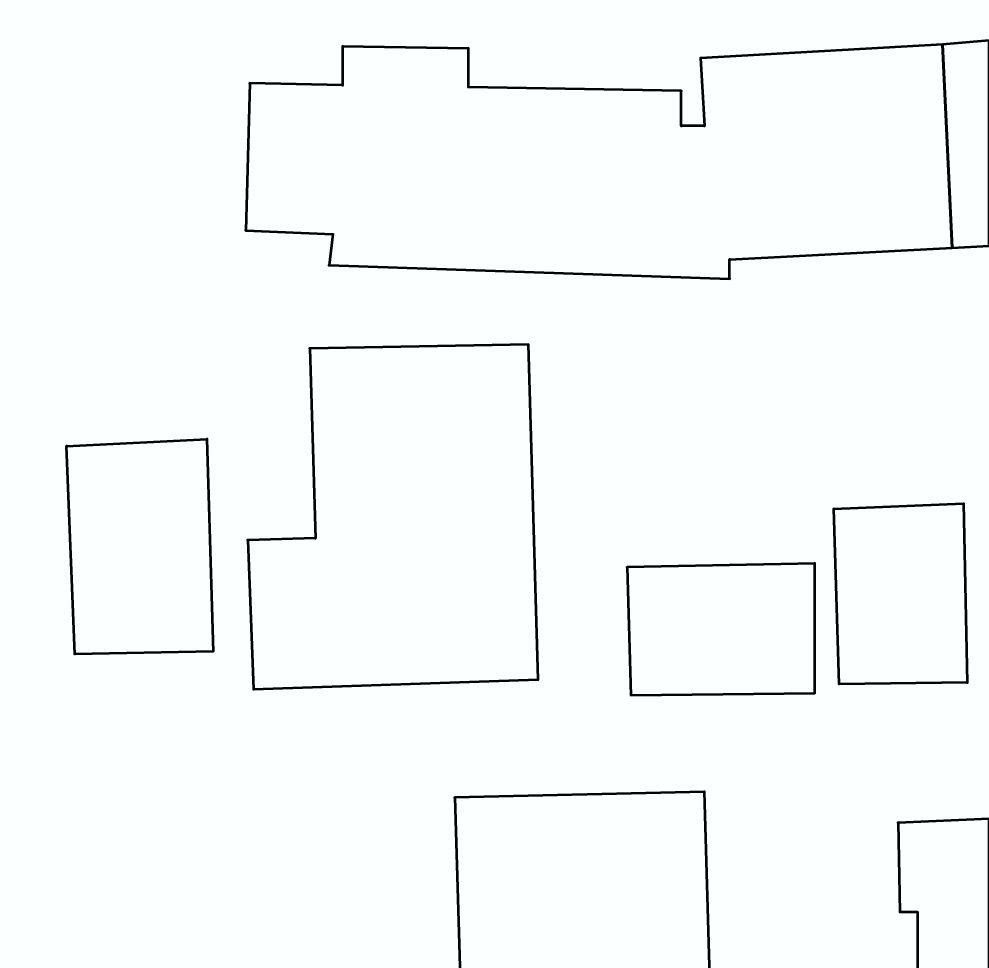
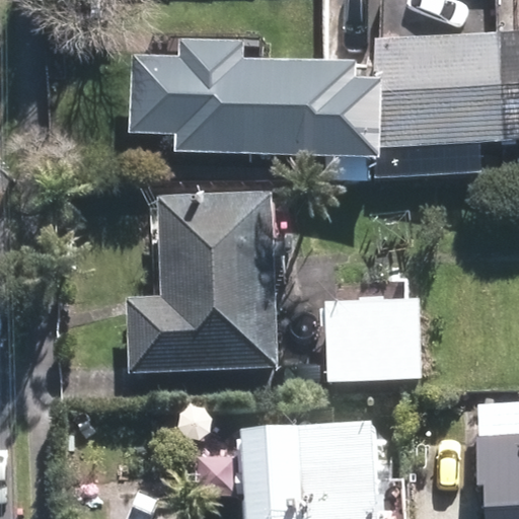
building: [67,439,213,654] -> none
building: [834,504,967,684] -> none

